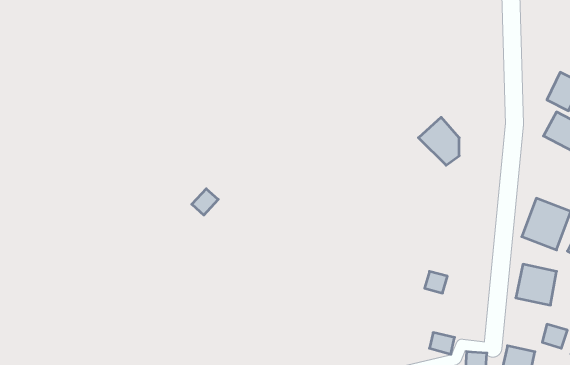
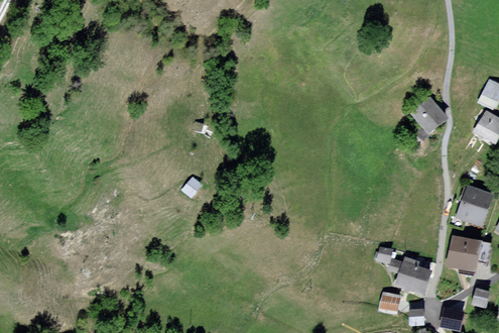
building: [418,117,459,165] -> [410,95,445,135]
building: none -> [394,263,428,297]

